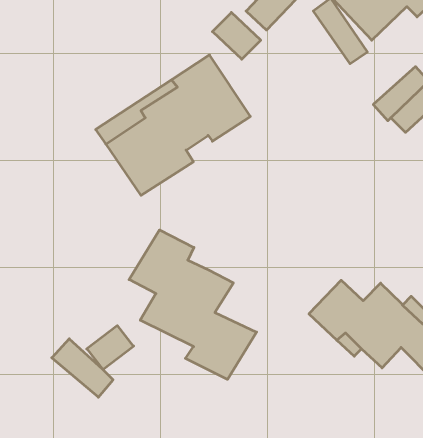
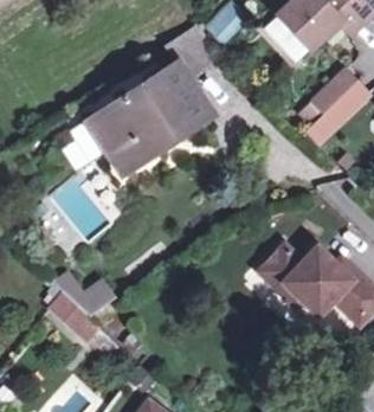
building: [129,230,257,379] -> none

